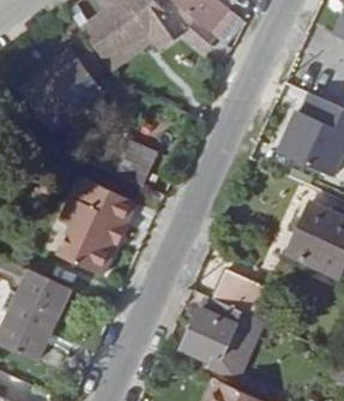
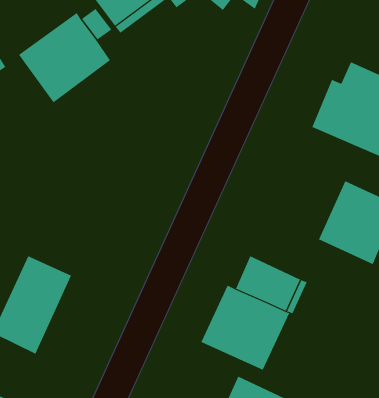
building: [108,136,155,182] -> none
building: [60,173,135,271] -> none

